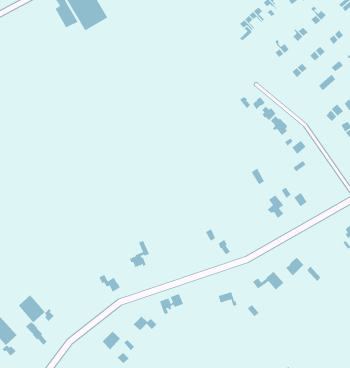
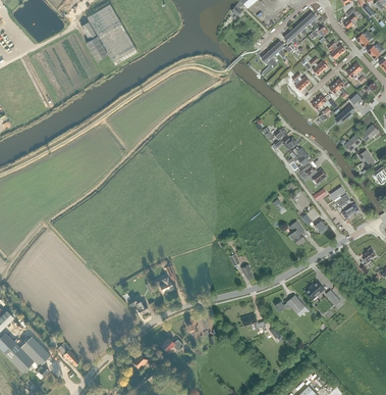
building: none -> [330,186,359,217]
building: [18,295,55,323] -> none

